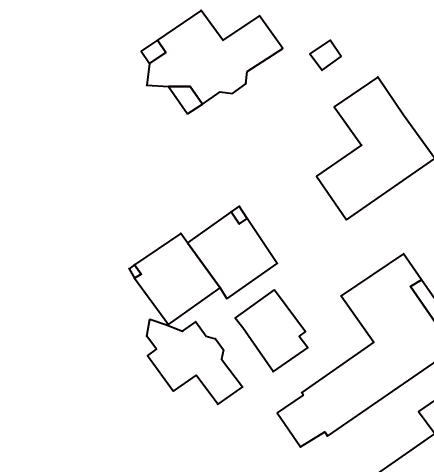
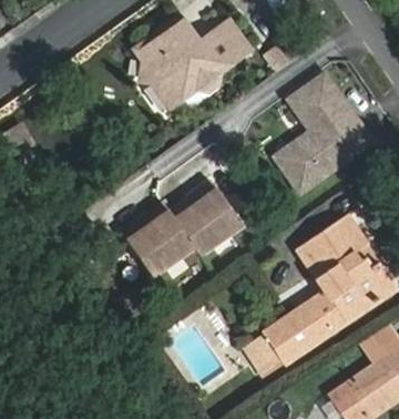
building: [235,290,308,372] -> none
building: [147,319,243,404] -> none

